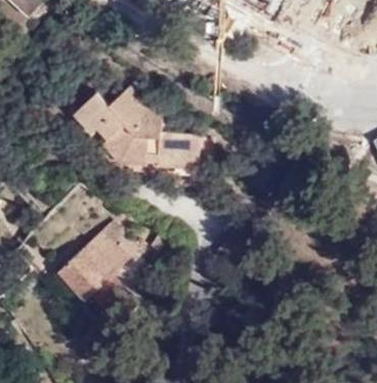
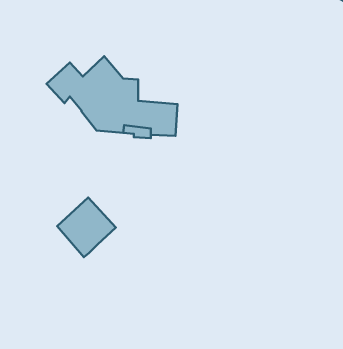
building: [57,252,137,326] -> none

